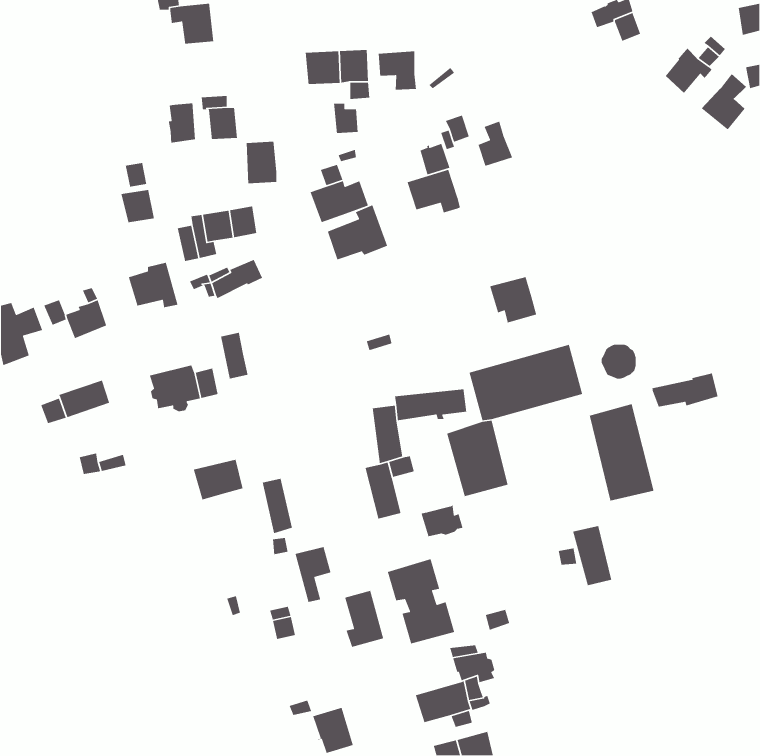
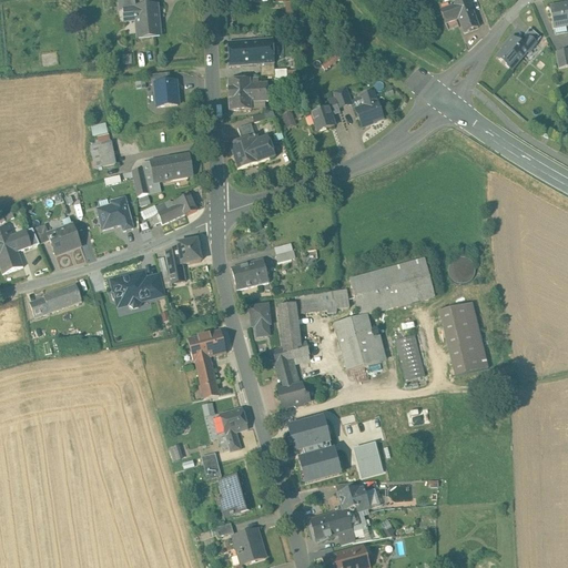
building: [378,50,417,91] -> none
building: [701,73,747,130] -> none
building: [168,102,196,144] -> none
building: [246,141,277,184] -> [227,77,251,109]
building: [406,169,461,214] -> none
building: [327,204,388,261] -> none
building: [489,276,537,324] -> none
building: none -> [178,239,202,264]
building: none -> [231,257,268,288]
building: [651,372,718,407] -> none
building: none -> [250,303,270,335]
building: [193,459,244,501] -> [187,329,225,361]
building: [420,504,464,537] -> [277,382,310,406]
building: [572,525,612,586] -> [395,333,425,378]
building: [344,590,384,648] -> [221,471,251,515]

